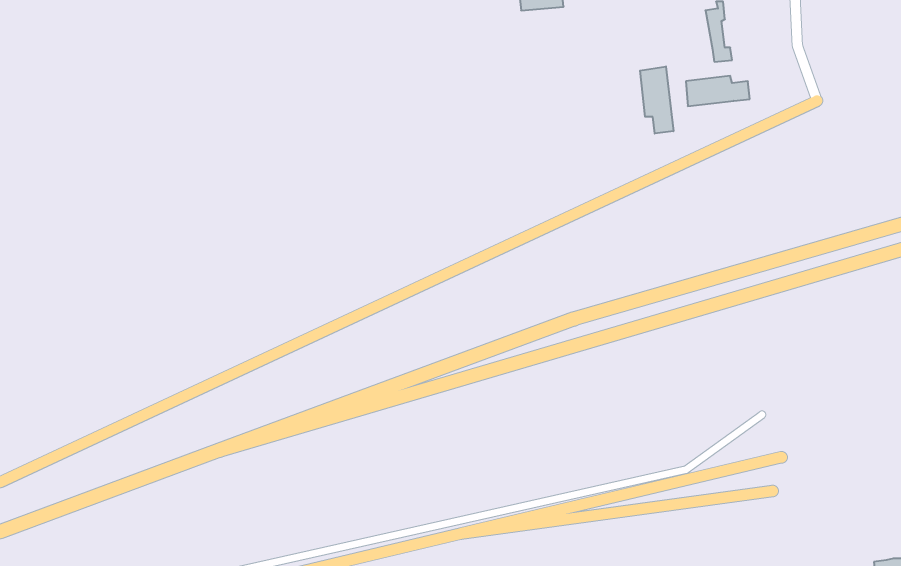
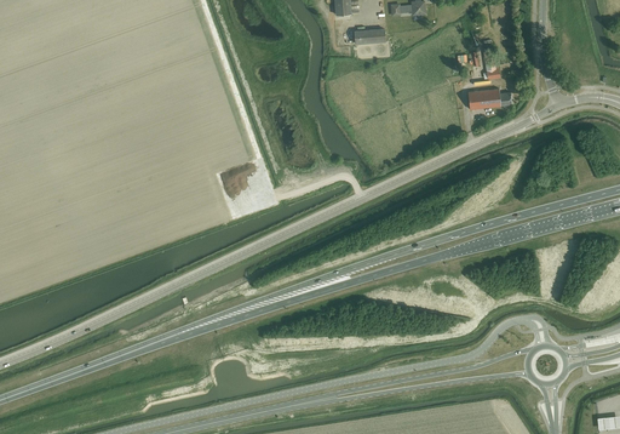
building: [640,66,673,134] -> none

